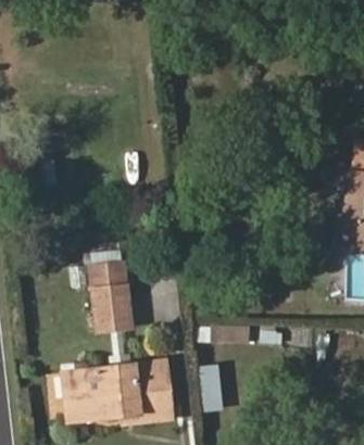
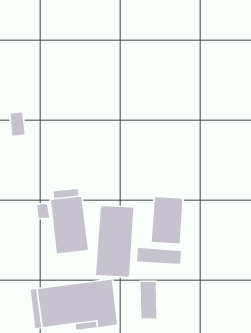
building: none -> [151,197,183,244]
building: none -> [95,205,134,277]

